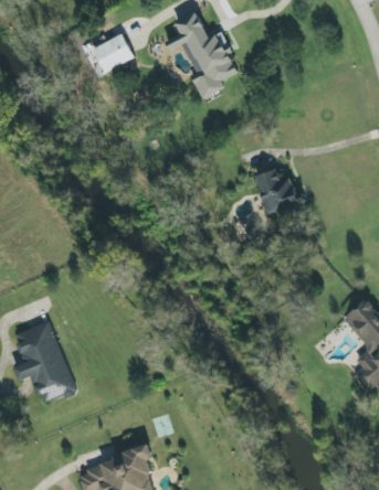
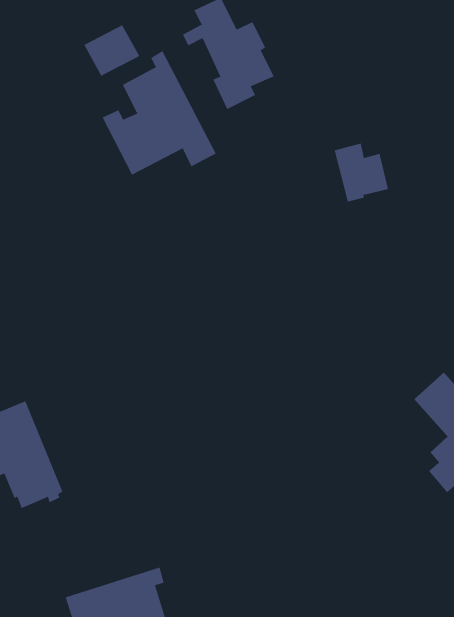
building: none -> [102,50,216,176]
building: [256,169,298,214] -> [334,143,389,202]

